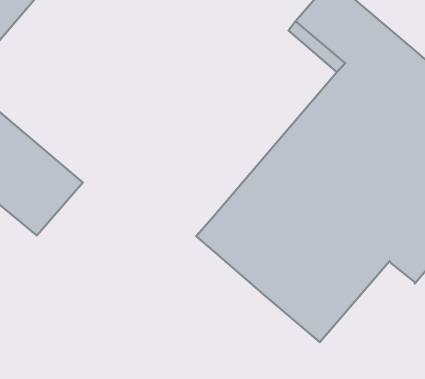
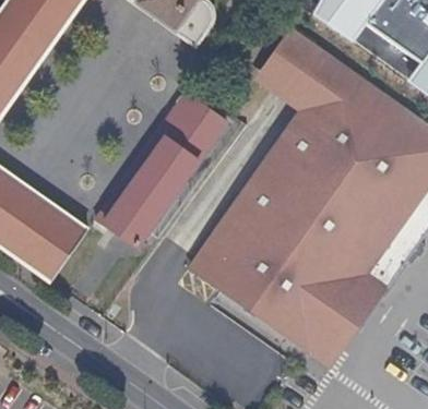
building: none -> [96,93,225,245]
building: none -> [308,274,387,368]

